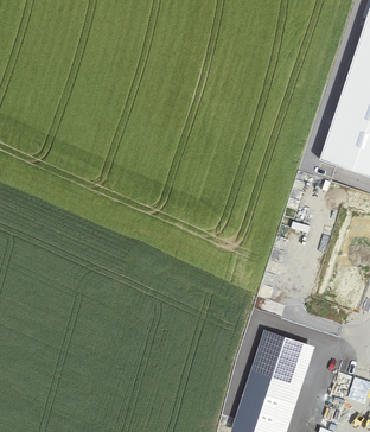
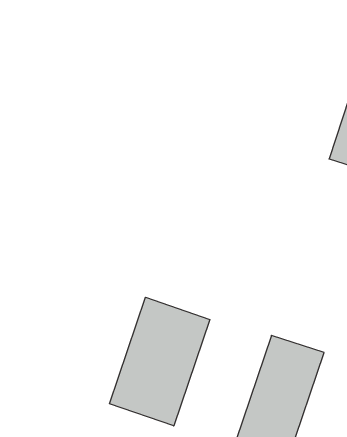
building: none -> [110,297,210,426]

